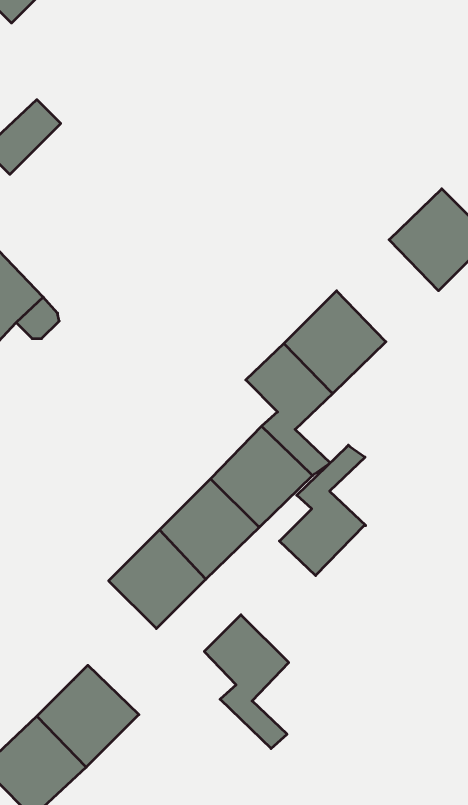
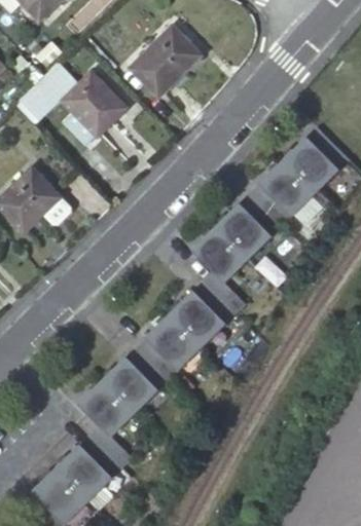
building: none -> [130,26,202,97]
building: none -> [62,73,127,136]
building: none -> [250,160,316,226]
building: [279,445,366,576] -> none
building: [204,615,289,749] -> [79,380,134,466]

